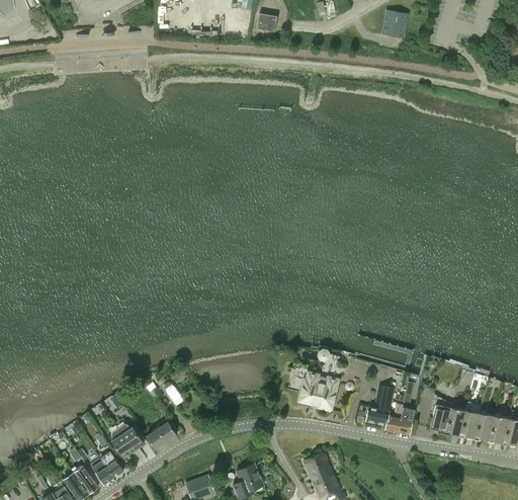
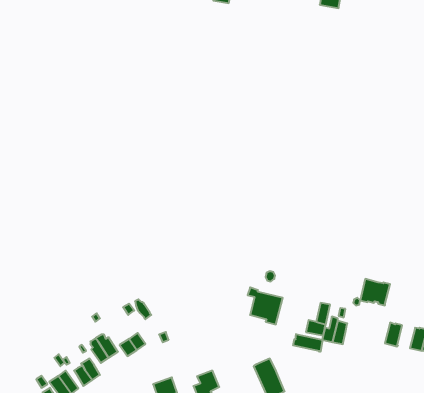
building: [429,404,464,435] -> [360,279,390,305]
building: [472,413,494,441] -> none
building: none -> [293,334,322,352]

